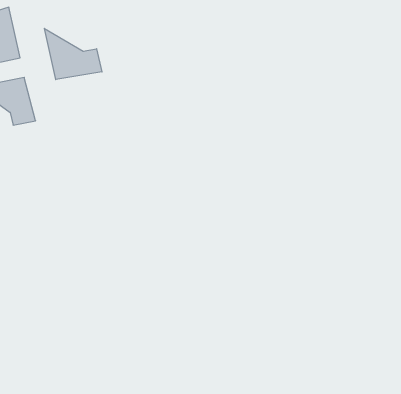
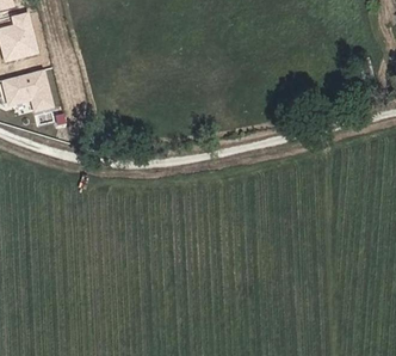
building: [44,28,102,80] -> none

